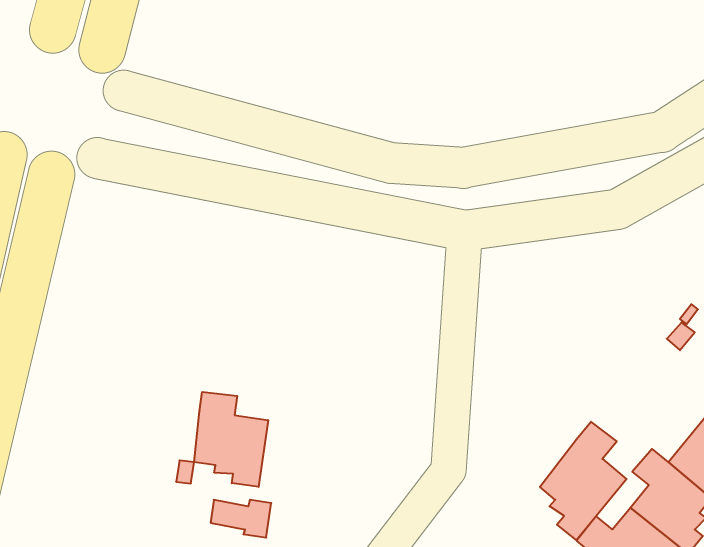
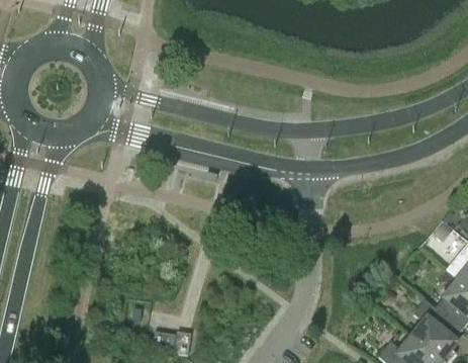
building: [194,392,268,487] -> none
building: [540,422,627,540] -> none

